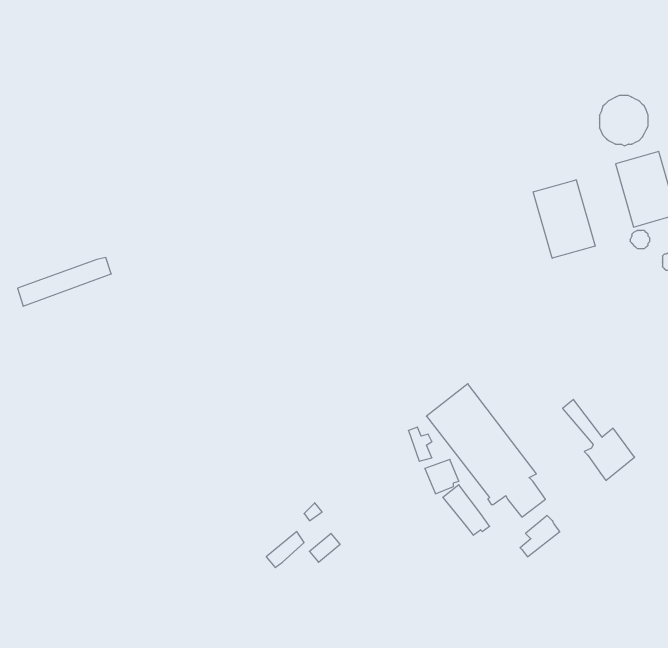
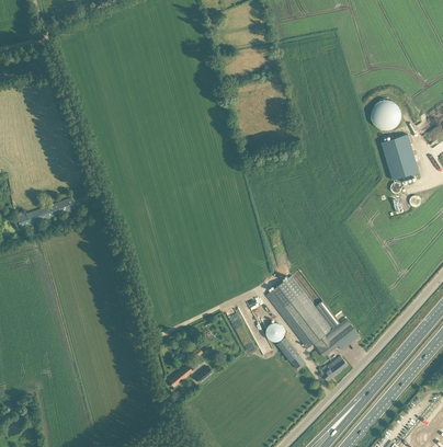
building: [533,180,595,258] -> none
building: [563,399,635,480] -> [315,300,359,349]

